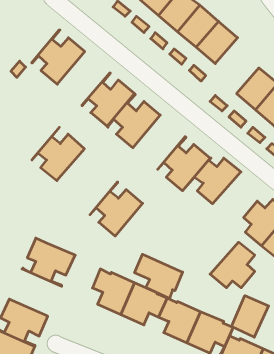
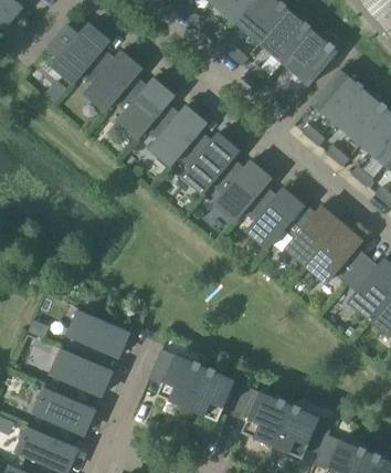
building: none -> [49,24,108,84]
building: none -> [313,70,366,124]
building: [32,127,84,181] -> [106,70,173,138]
building: [90,182,143,236] -> [203,151,271,221]
building: [210,242,255,288] -> [306,224,363,283]
building: [135,254,183,298] -> none
building: none -> [44,349,112,410]
building: [231,296,269,337] -> none

